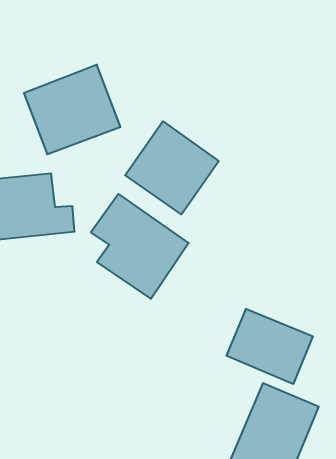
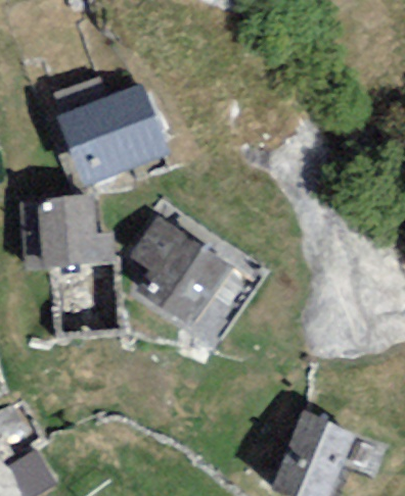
building: [125,121,219,214] -> none
building: [226,309,313,384] -> none

